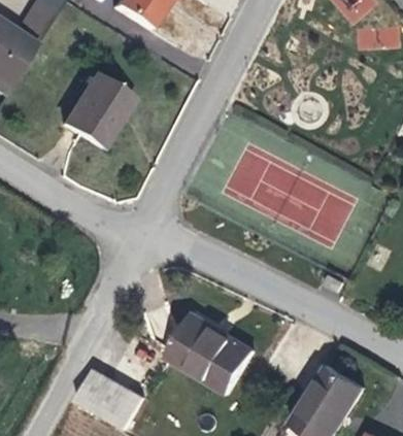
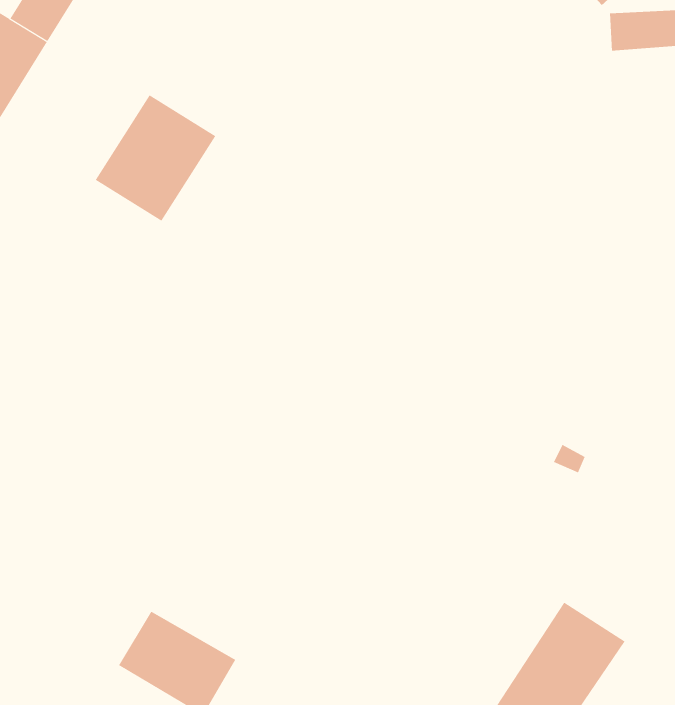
building: [167,315,255,393] -> none

